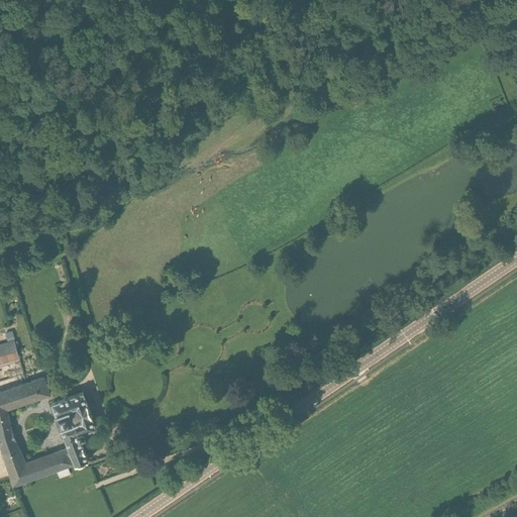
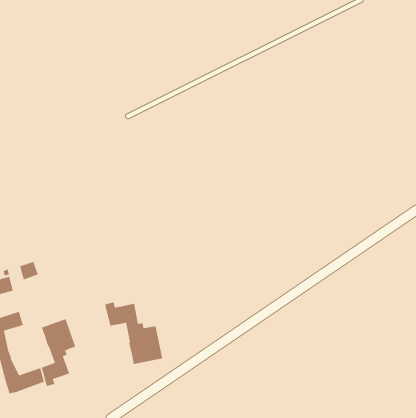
building: none -> [104,301,163,365]
building: [24,378,48,402] -> [19,261,39,281]

